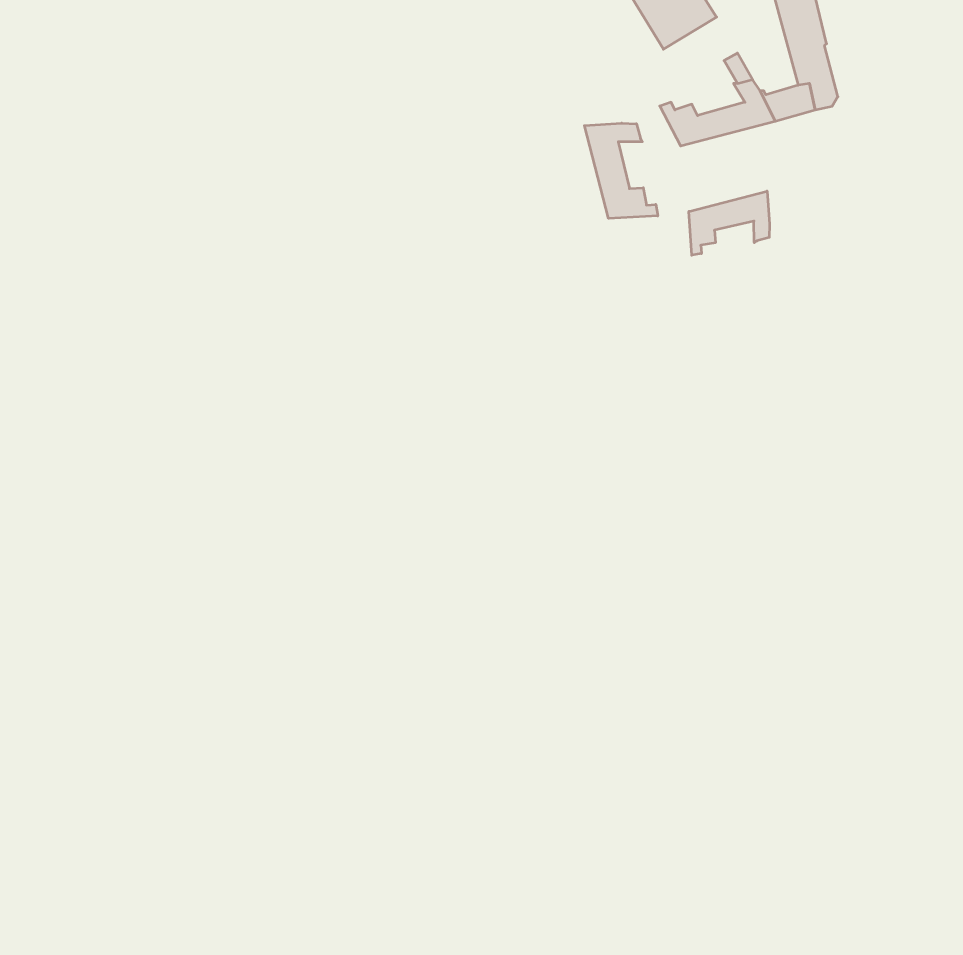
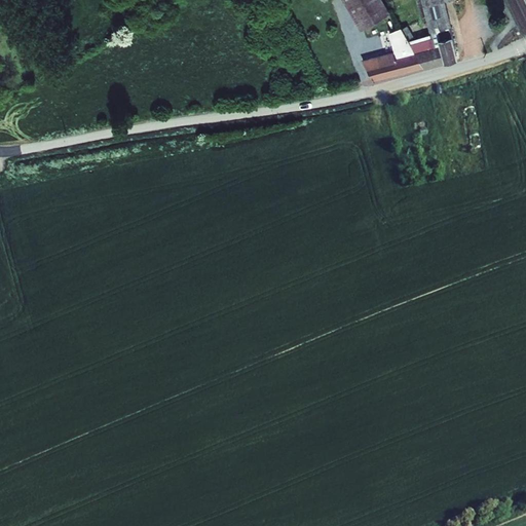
building: [584,123,658,218] -> none
building: [689,191,770,255] -> none

